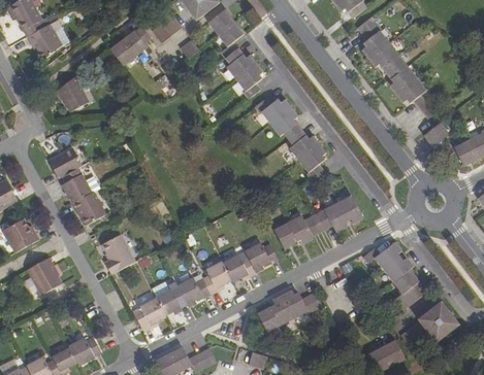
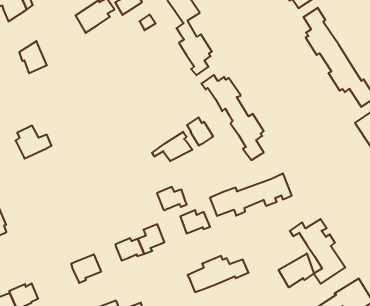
building: none -> [187,117,213,146]
building: [49,148,82,179] -> none
building: none -> [152,132,192,161]
building: [72,192,106,225] -> none
building: [101,234,134,274] -> none
building: [222,255,255,281] -> [157,187,187,210]
building: none -> [279,253,314,287]
building: [155,289,186,315] -> none

